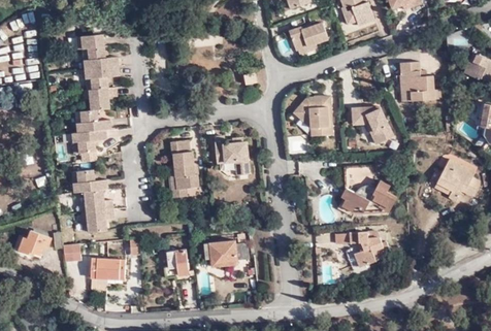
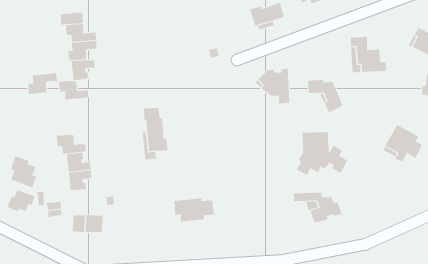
building: [74,130,107,154] -> [28,73,58,94]
building: [214,137,249,175] -> none
building: none -> [11,155,37,188]
building: [165,250,189,276] -> none

